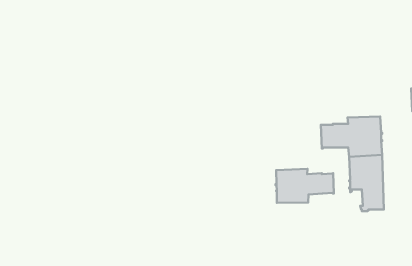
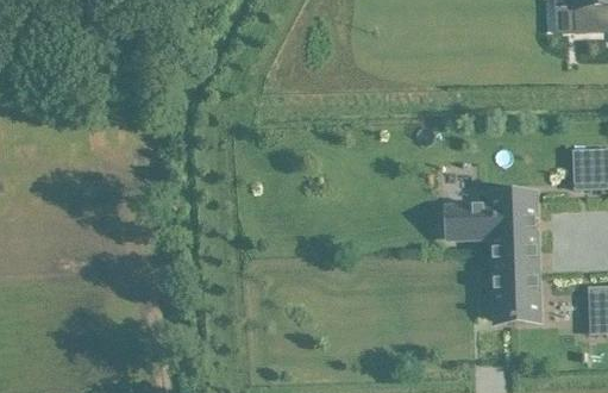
building: [276,169,334,203] -> none

